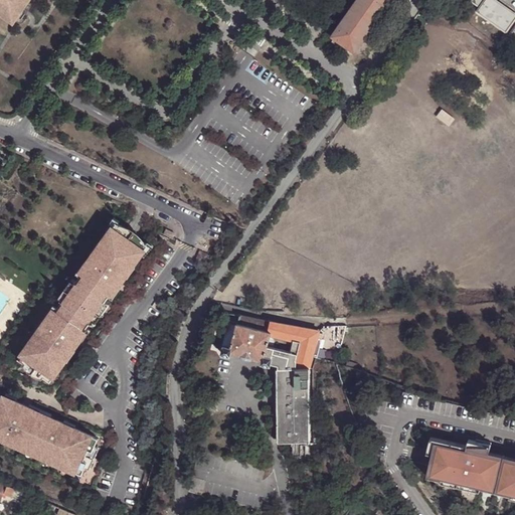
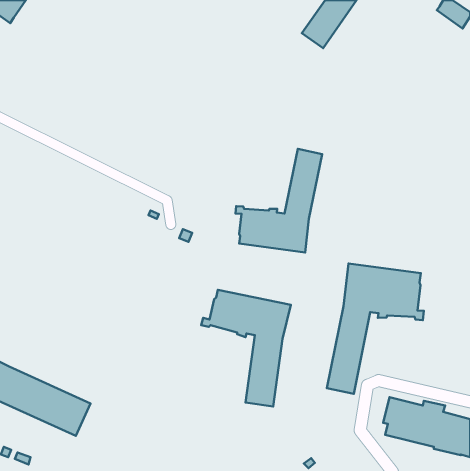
building: none -> [236,149,322,253]
building: [19,223,148,383] -> none
building: none -> [327,263,424,394]

